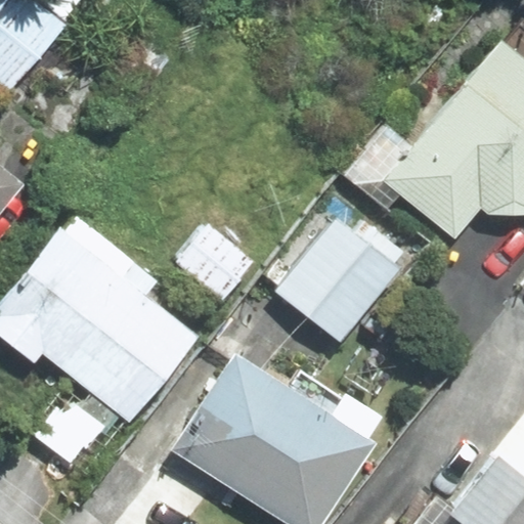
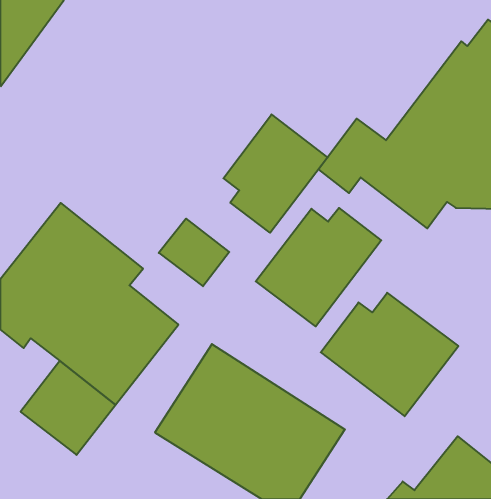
building: none -> [223,114,328,233]
building: none -> [321,293,458,416]

